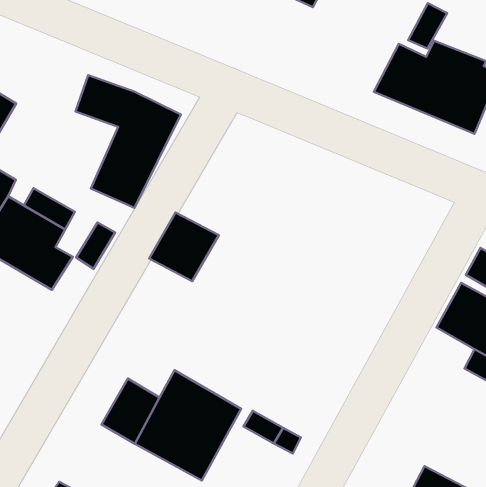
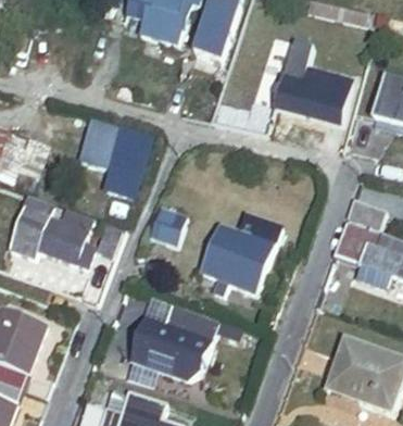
building: none -> [201,224,273,297]

